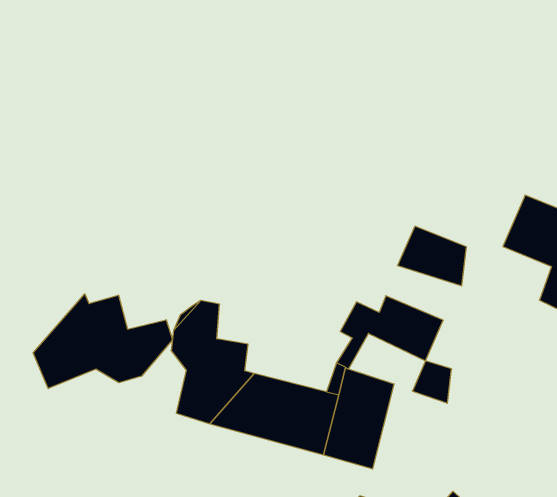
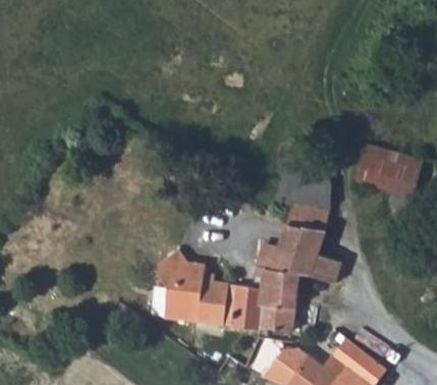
building: none -> [285,200,333,231]
building: [33,294,172,389] -> none
building: none -> [267,245,316,279]

